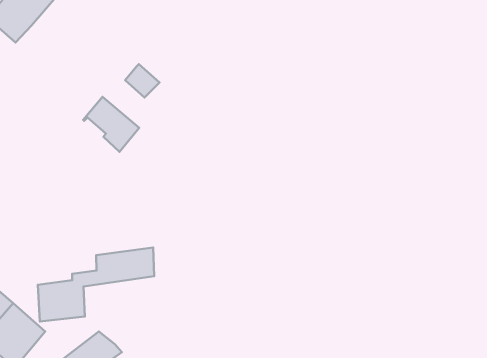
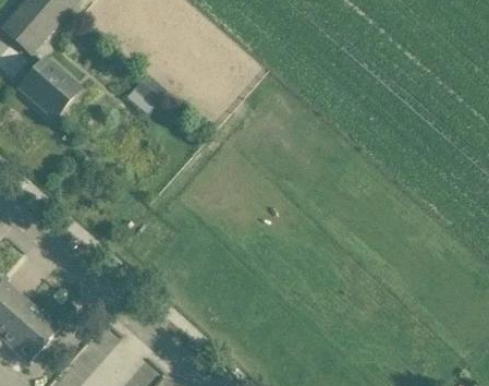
building: [83,97,139,152] -> [21,65,74,118]
building: [38,247,154,322] -> none

